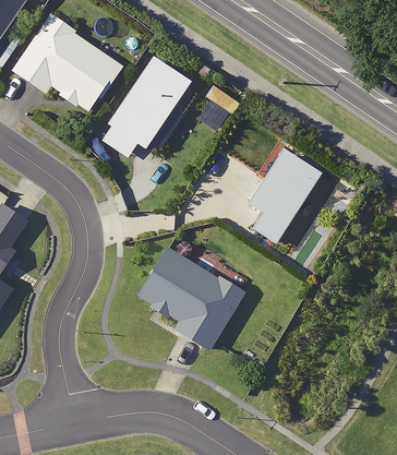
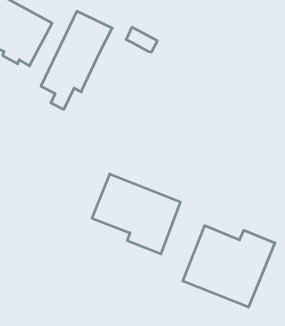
building: [245,145,325,250] -> none
building: none -> [183,226,275,307]

